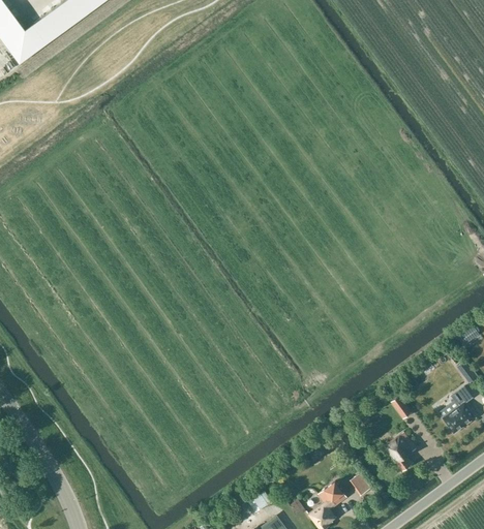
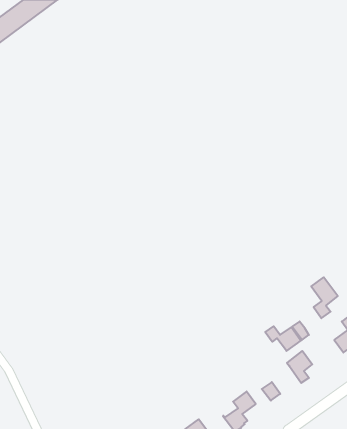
building: none -> [311,277,338,318]
building: none -> [265,326,301,351]

